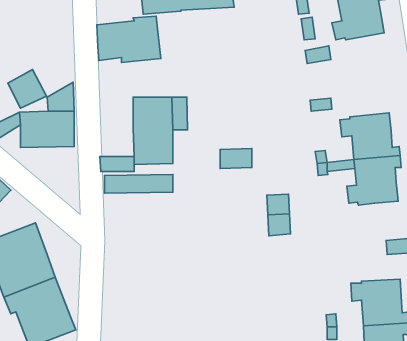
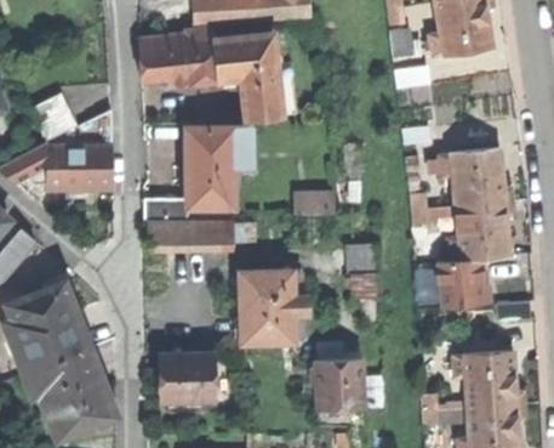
building: none -> [213,34,296,120]
building: none -> [436,257,485,306]
building: none -> [240,271,305,342]
building: none -> [164,352,215,399]
building: none -> [314,358,364,409]

